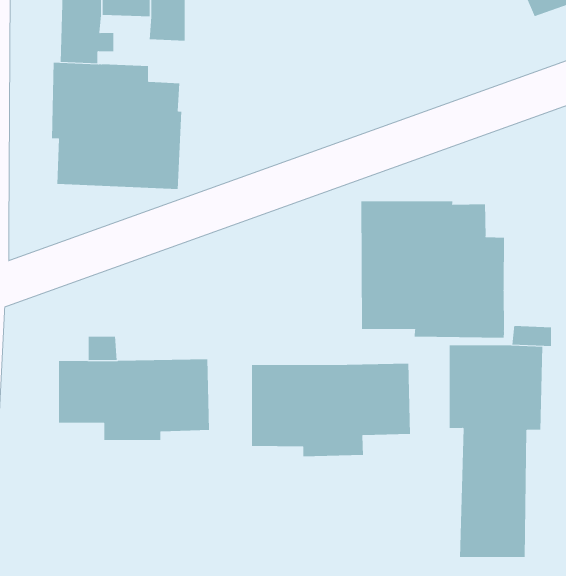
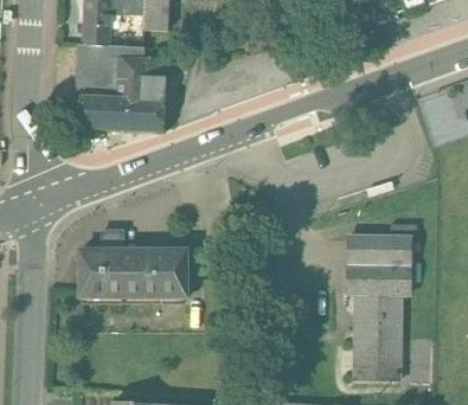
building: [361,200,504,338] -> none
building: [251,363,411,457] -> none

